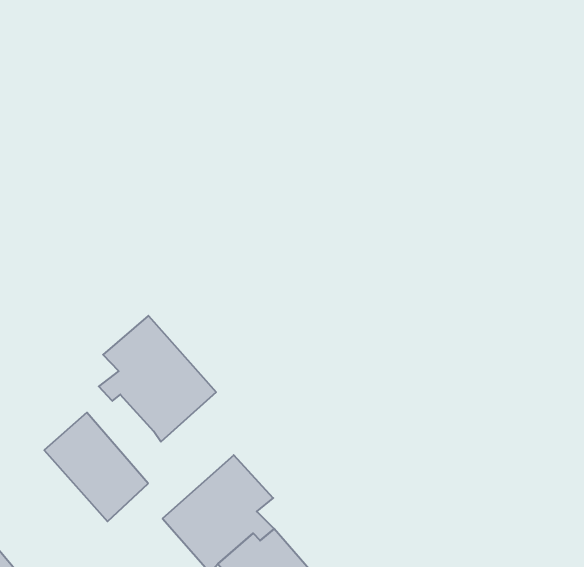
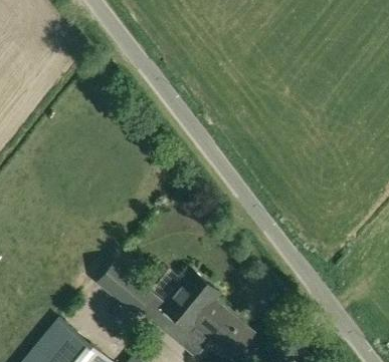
building: [99,316,216,442] -> none

